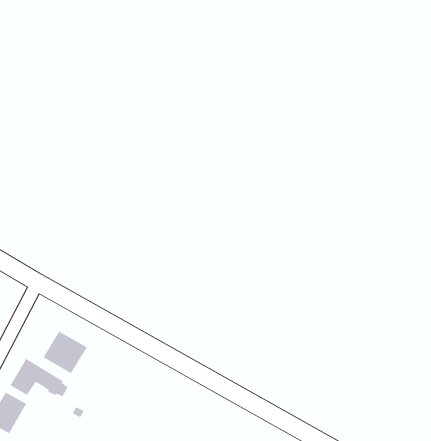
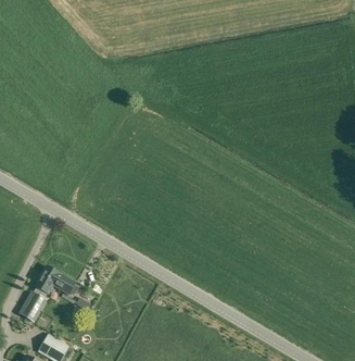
building: [42,330,88,374] -> none

